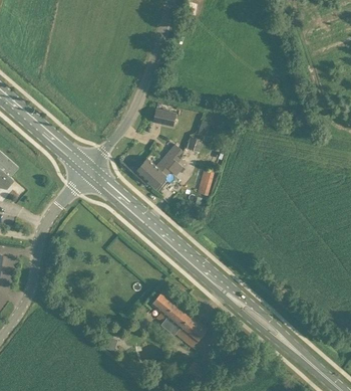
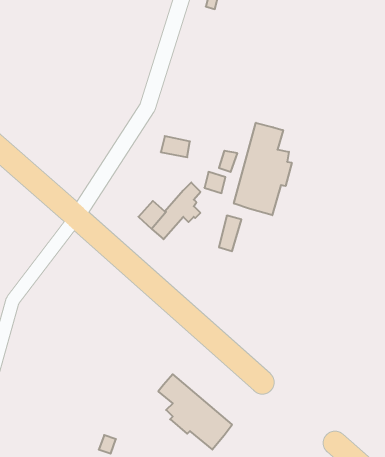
building: none -> [234,123,292,215]

